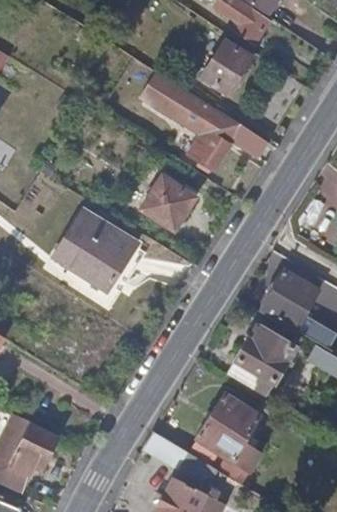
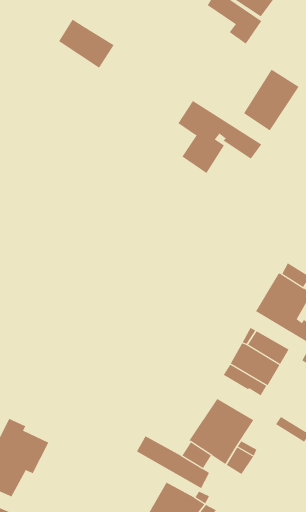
building: [203,42,253,96] -> none
building: [144,74,200,123] -> [58,19,115,68]
building: [145,180,201,236] -> none
building: [55,209,134,286] -> none

